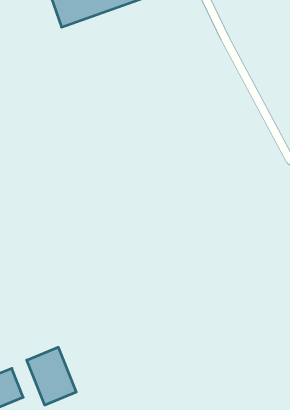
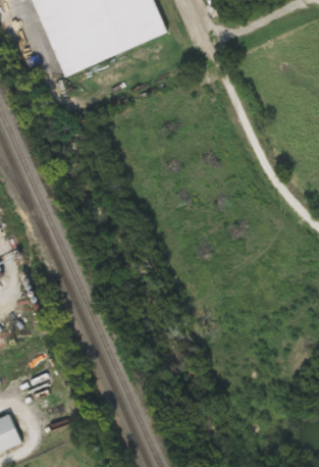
building: [27,347,76,405] -> none

